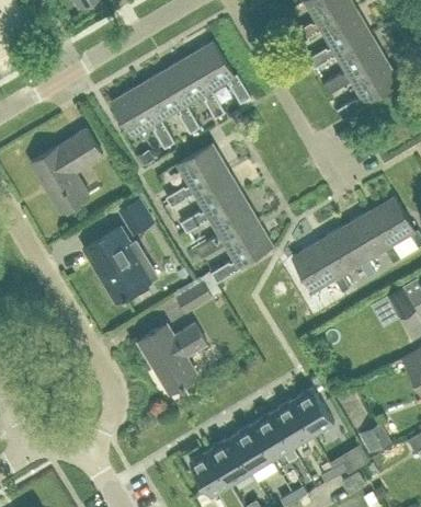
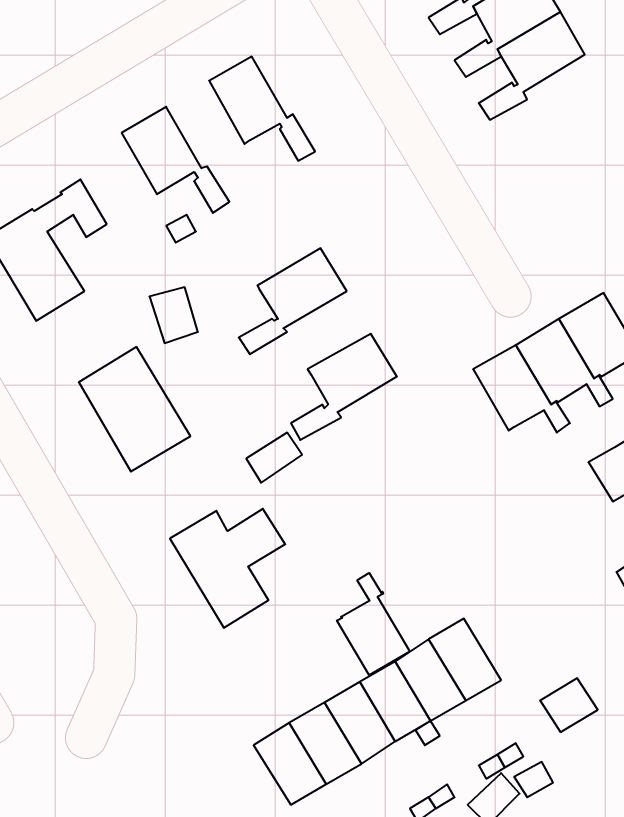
building: [187,43,250,104] -> none
building: [337,57,399,120] -> none
building: [137,72,200,135] -> none
building: [166,145,228,209] -> none
building: [195,196,258,258] -> none
building: [292,242,350,293] -> none
building: none -> [337,573,410,675]

